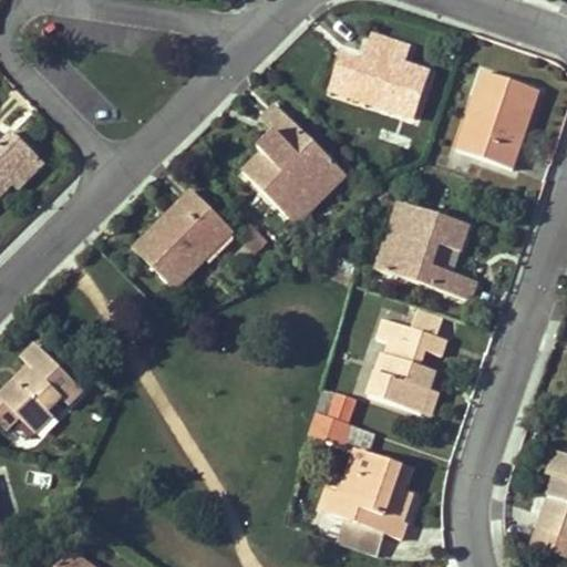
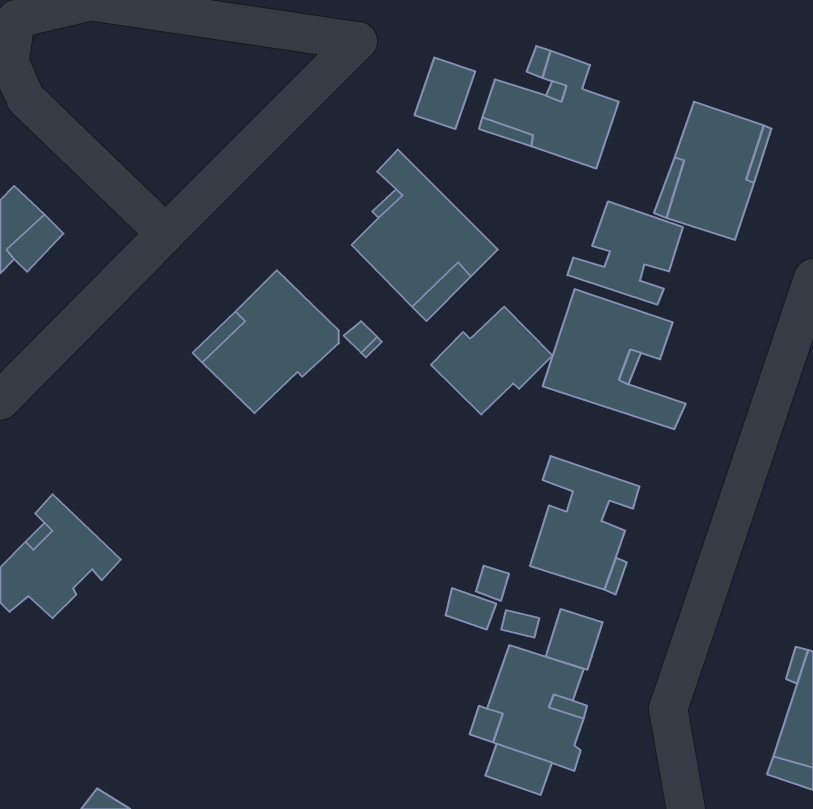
building: none -> [415,57,475,129]
building: none -> [567,201,683,305]
building: none -> [431,307,553,415]
building: none -> [546,609,603,670]

